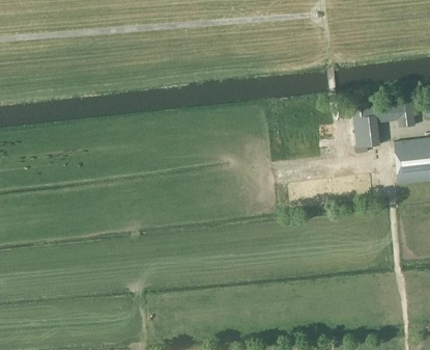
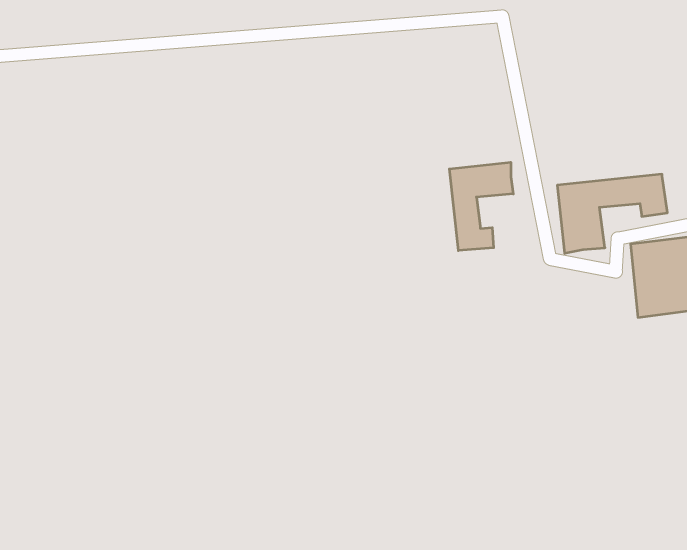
building: none -> [449,162,513,251]

